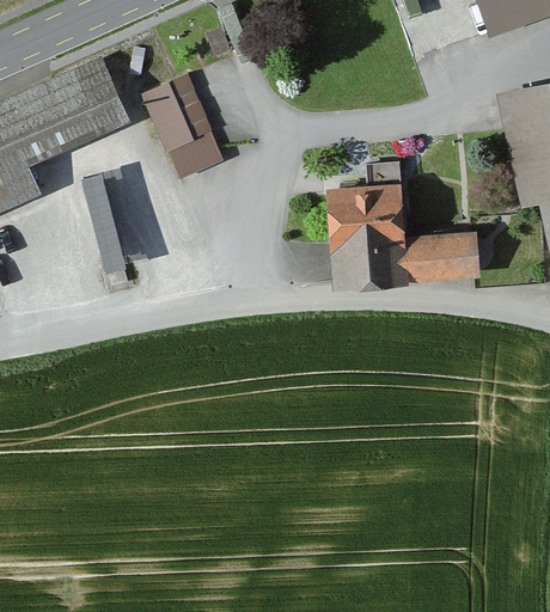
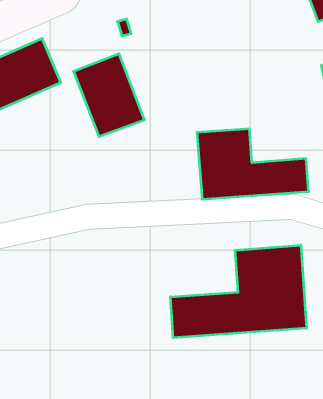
building: [84,166,128,267] -> none
building: none -> [170,245,306,338]

